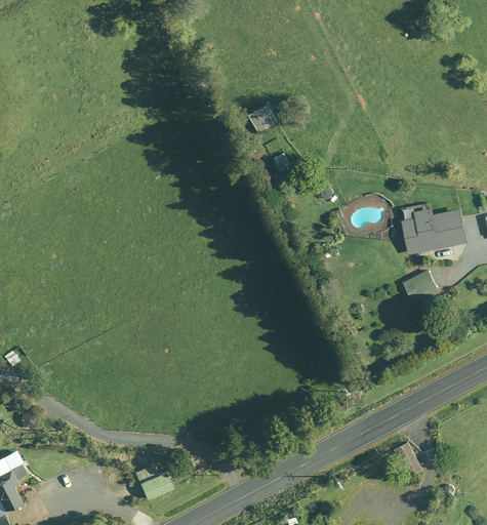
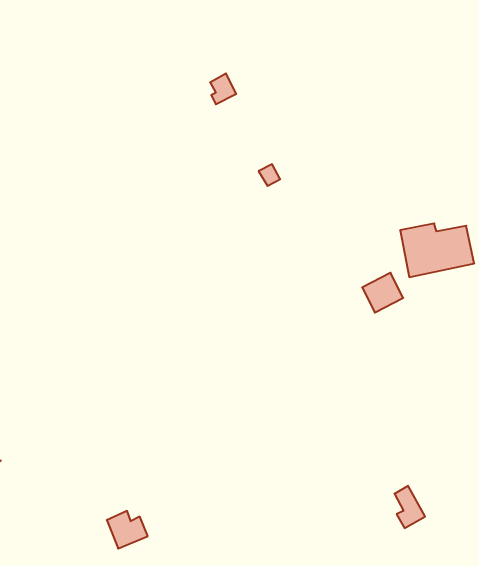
building: [254,106,278,133] -> [210,73,236,104]
building: [402,269,439,305] -> [362,273,403,313]

